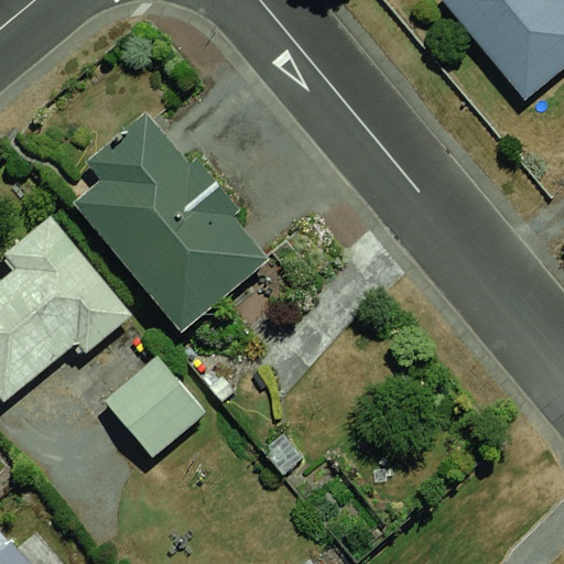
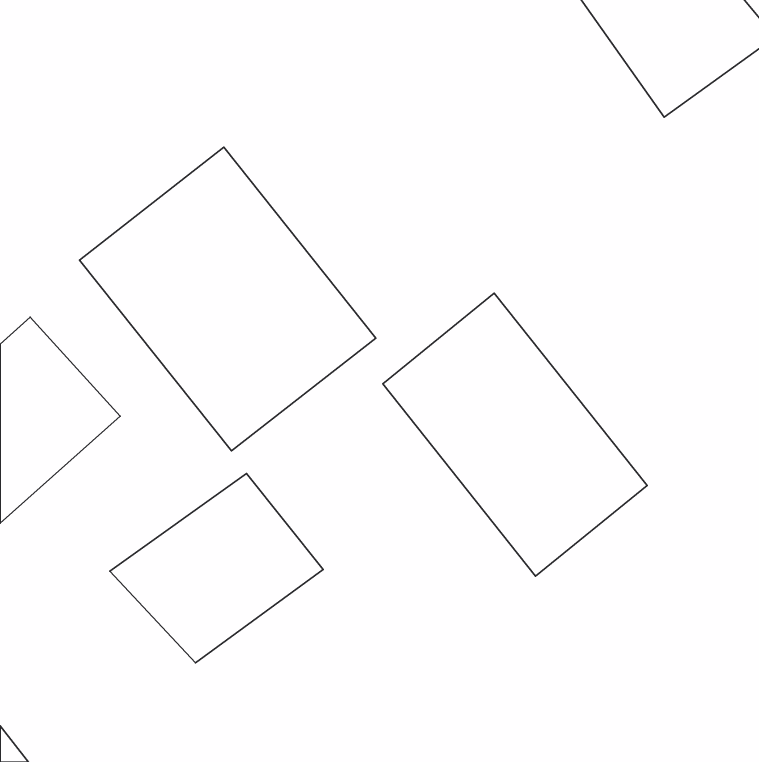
building: none -> [383,293,647,576]

